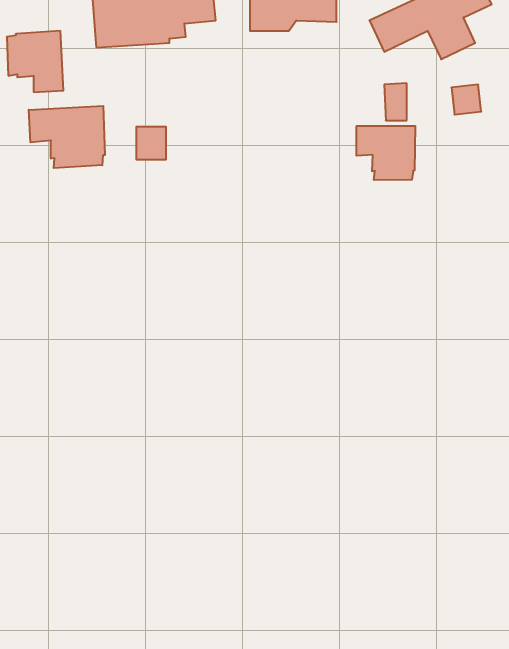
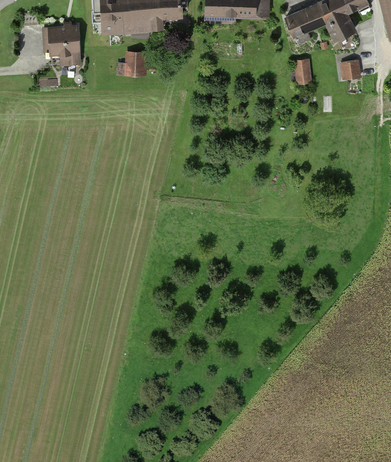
building: [29,106,105,168] -> none
building: [357,126,415,180] -> none
building: [136,127,166,160] -> [127,50,147,72]

